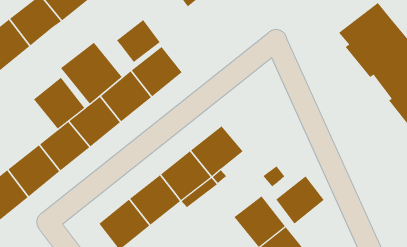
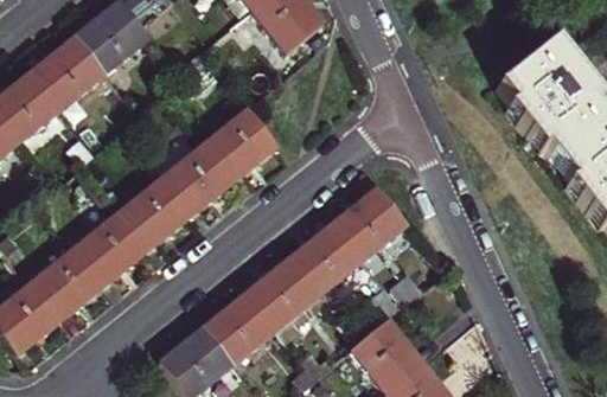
building: [116,19,161,63] -> none
building: [60,42,123,105] -> none
building: [33,77,85,130] -> none
building: none -> [334,185,408,257]
building: [276,176,325,224] -> none

